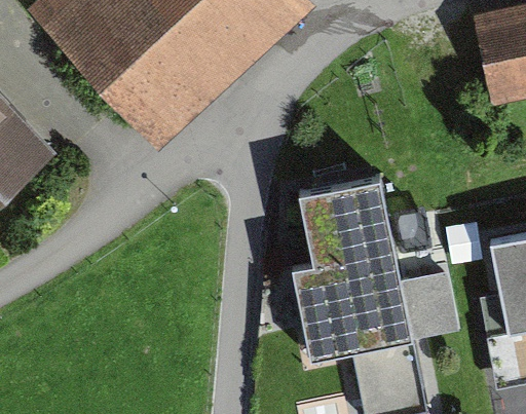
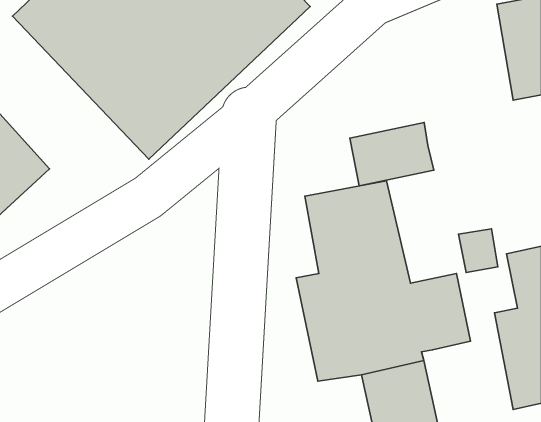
building: none -> [350,123,434,186]

